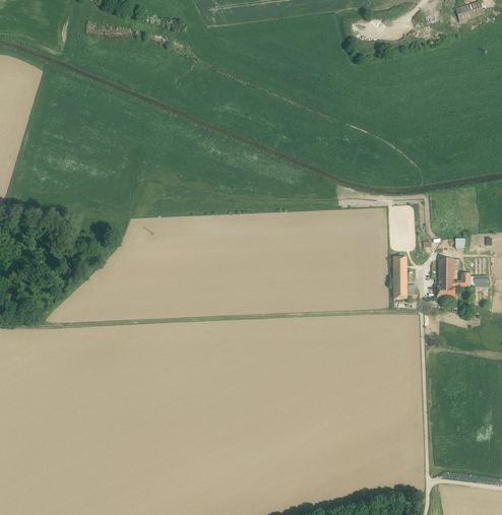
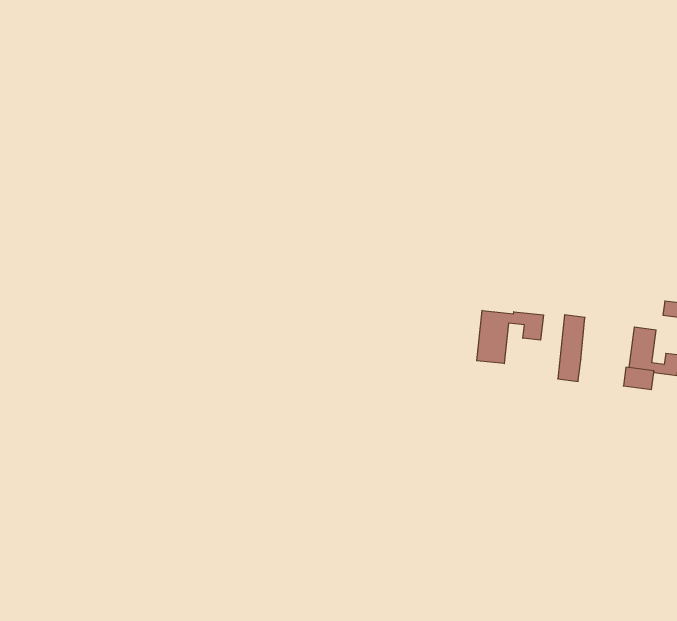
building: none -> [477,310,543,364]

